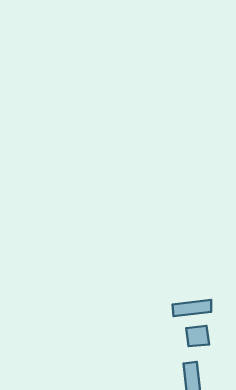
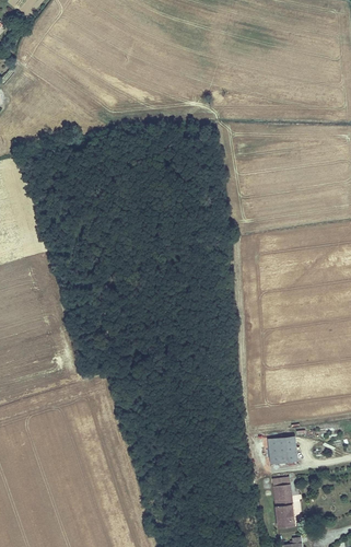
building: [172,300,211,316] -> none

